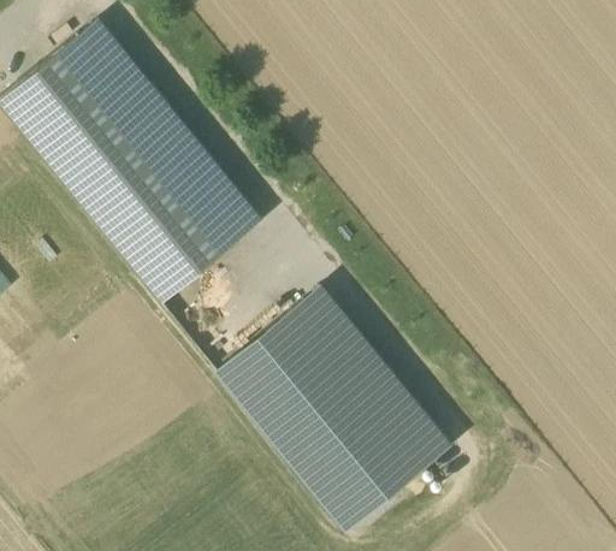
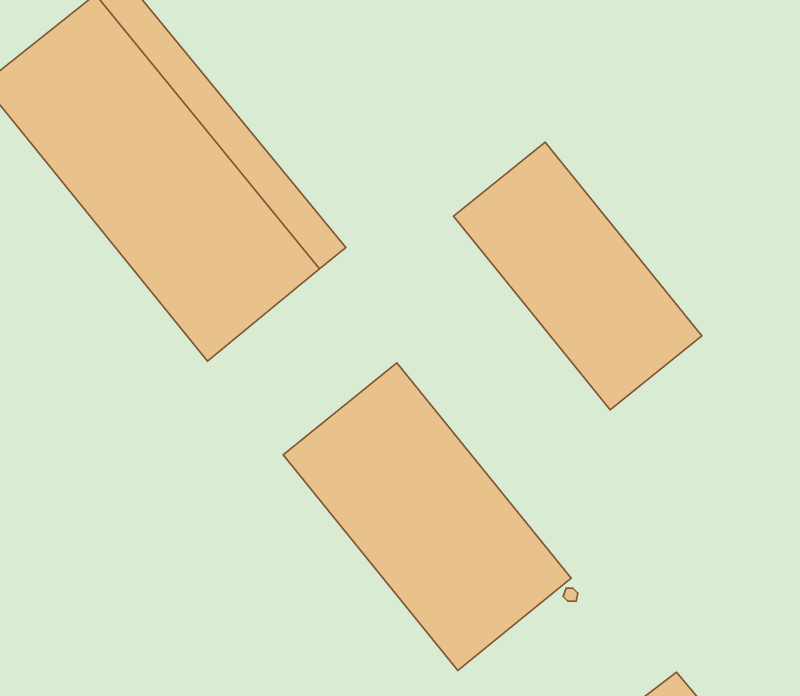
building: none -> [454,142,702,410]
building: [300,286,449,462] -> none

